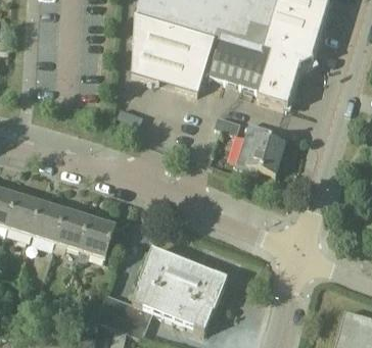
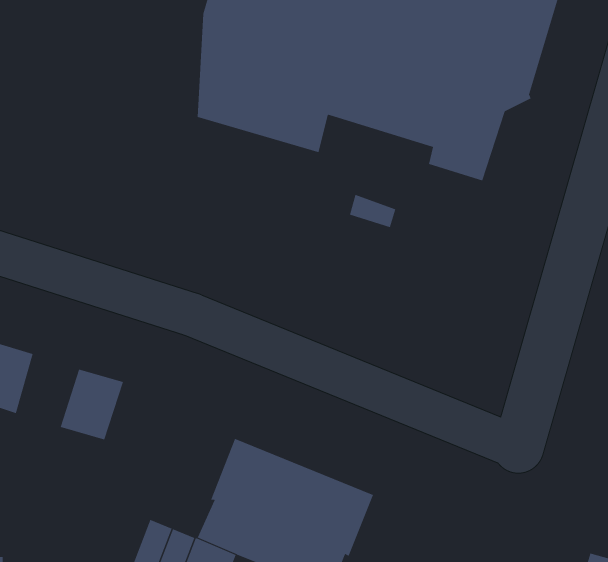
building: [234,121,283,176] -> none
building: [33,201,66,241] -> none
building: [81,216,115,256] -> none

